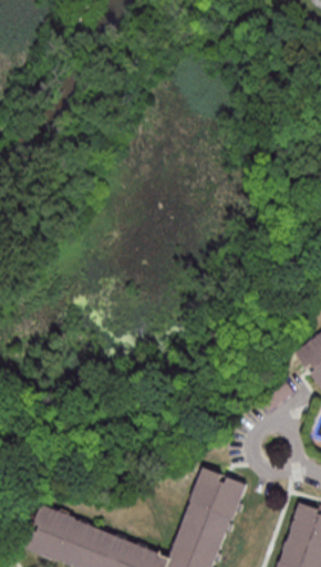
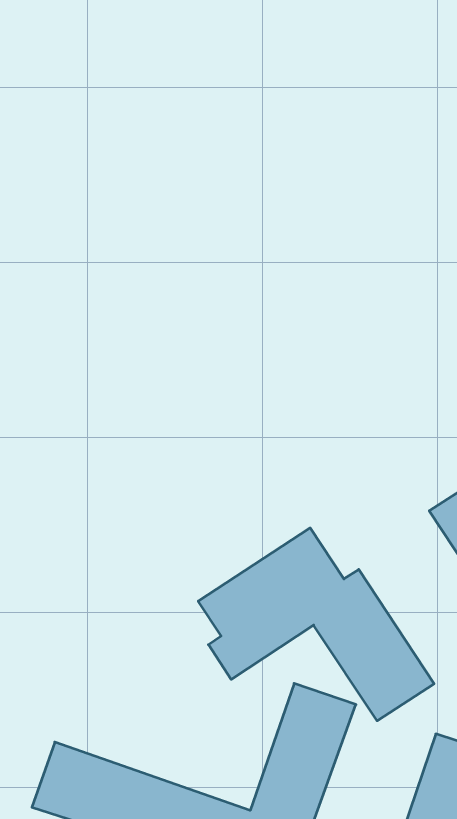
building: none -> [198,528,434,721]

